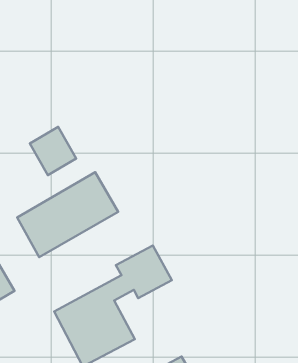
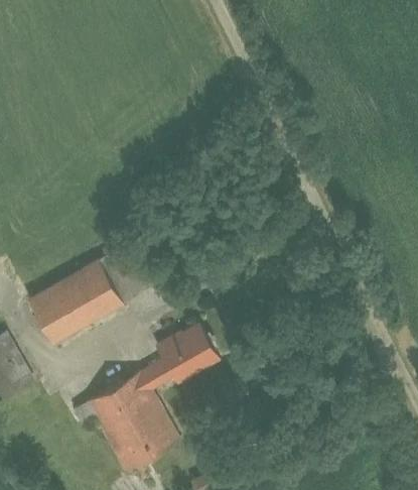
building: [30,127,76,175] -> none

